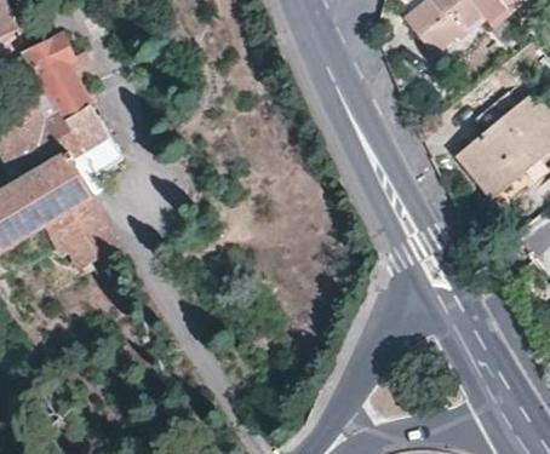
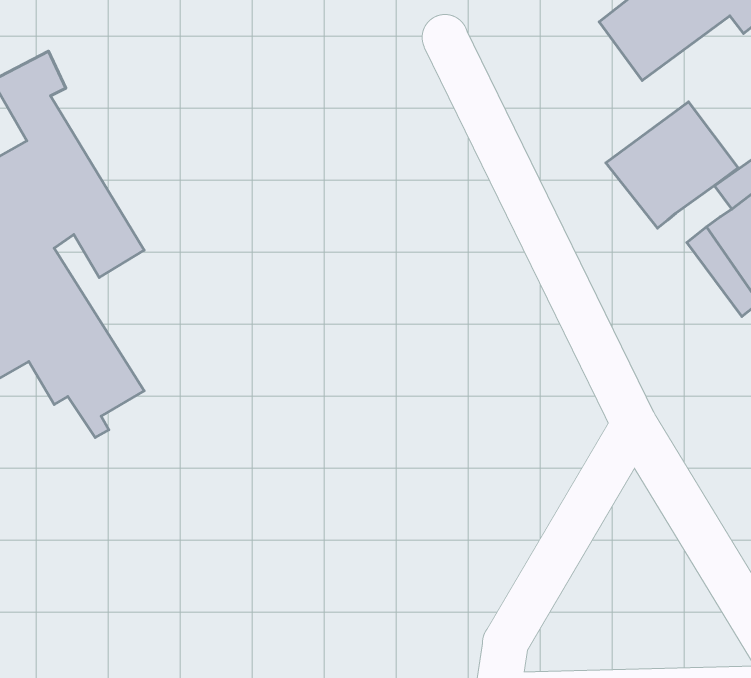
building: none -> [606,102,738,228]

